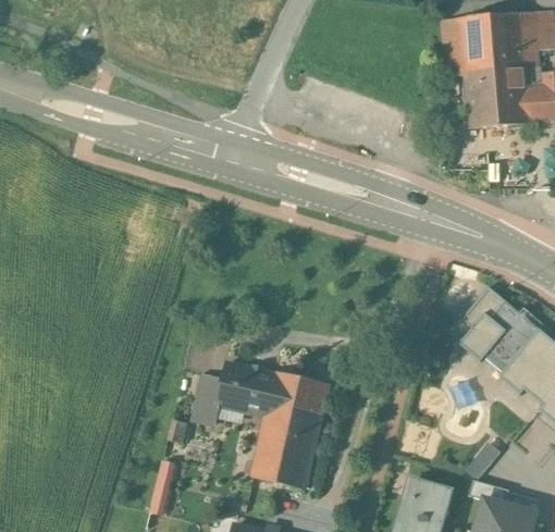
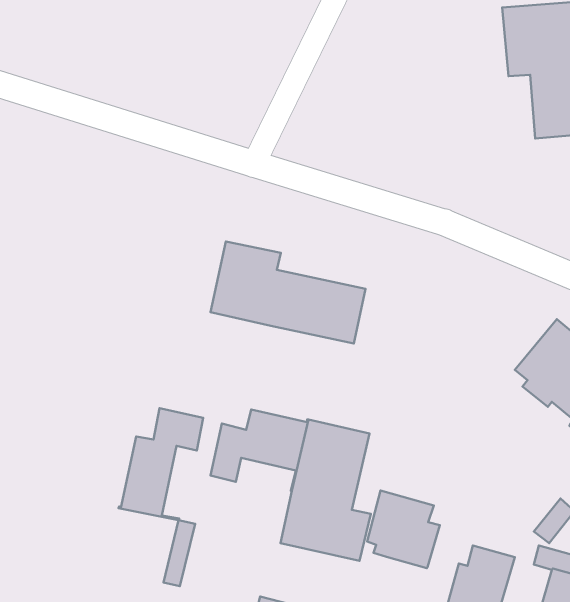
building: none -> [211,242,365,343]
building: none -> [119,408,203,520]
building: none -> [367,490,440,568]

